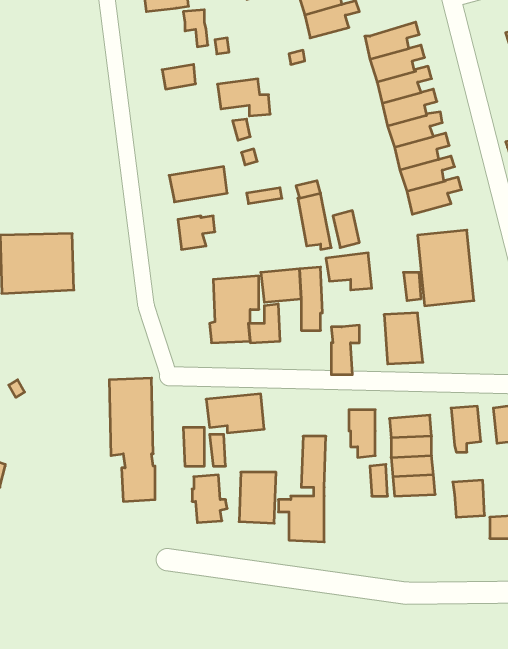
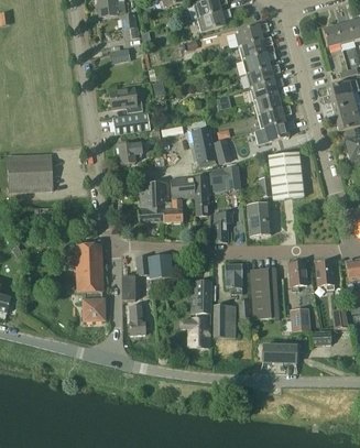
building: [217,79,270,116] -> [109,88,142,111]
building: [239,472,276,523] -> [212,304,236,336]
building: none -> [262,343,296,361]

